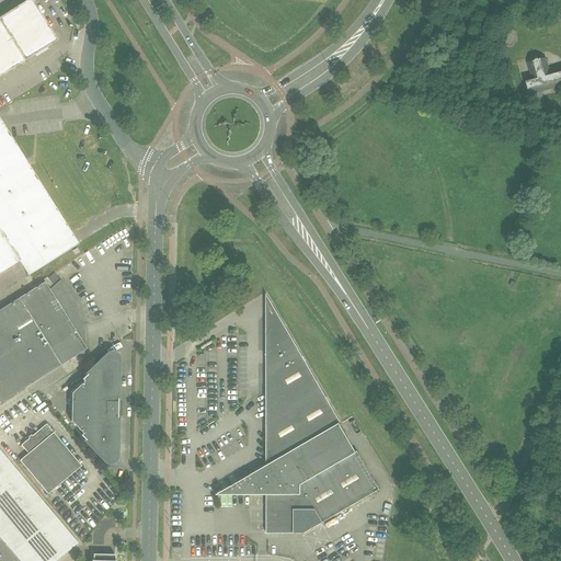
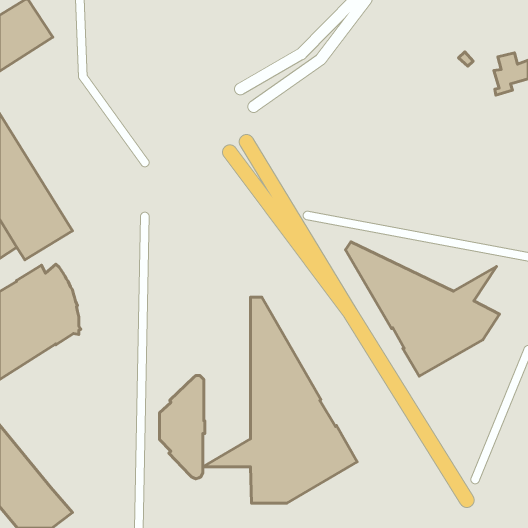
building: none -> [345,242,499,376]
building: [70,353,118,462] -> [159,375,205,479]
building: [19,423,80,493] -> none

